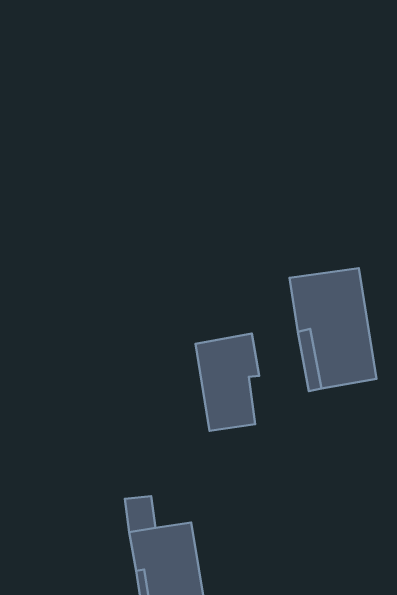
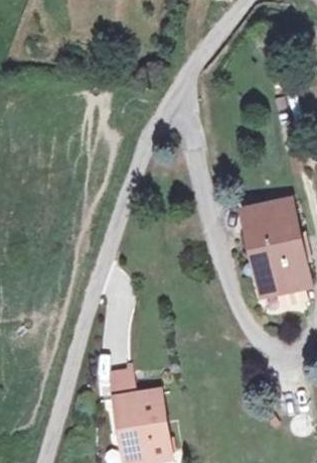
building: [195,333,259,431] -> none

